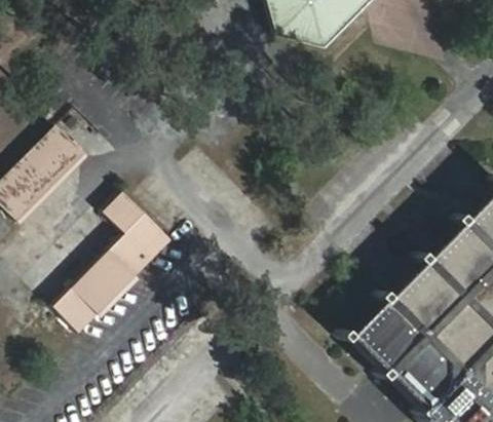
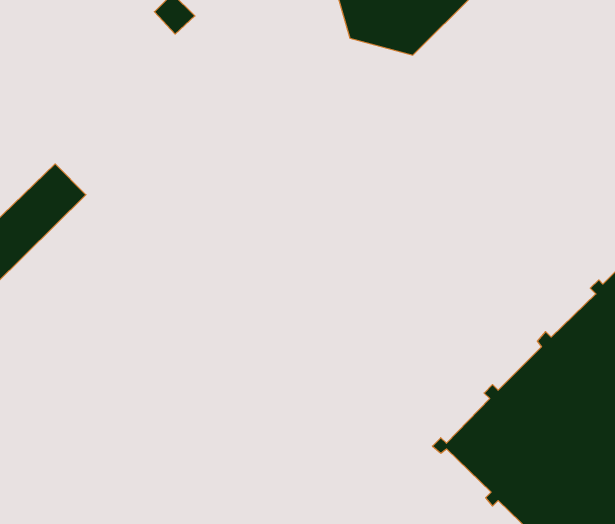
building: [56,193,174,333] -> none

